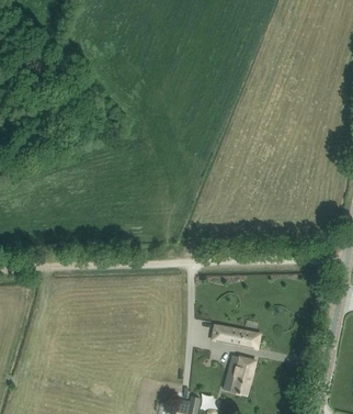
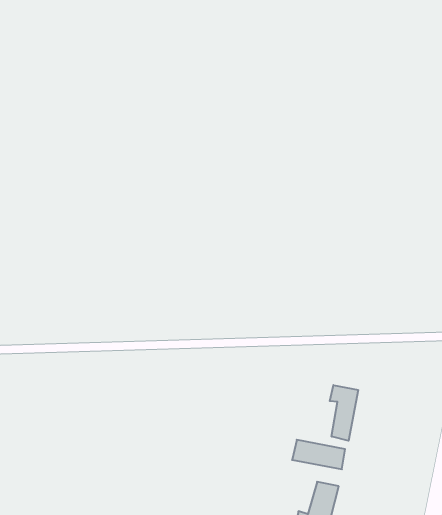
building: none -> [330,385,358,441]

